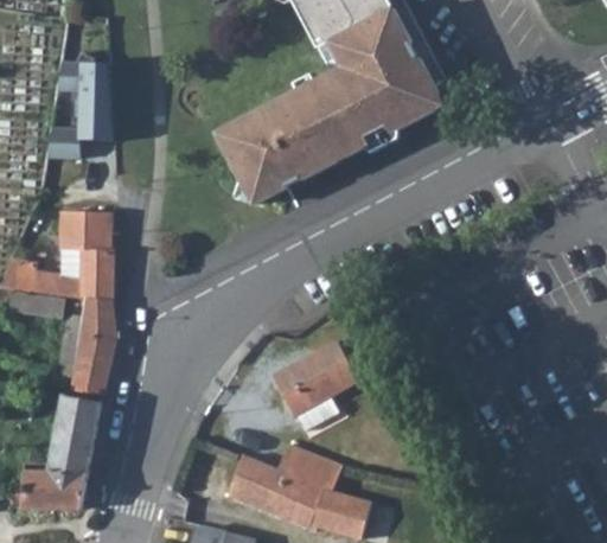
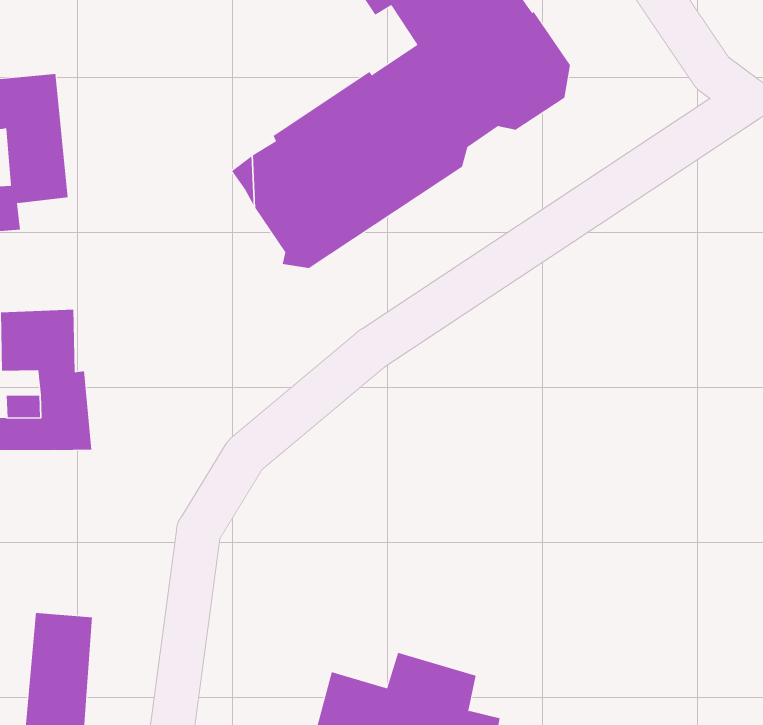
building: [51,295,115,395] -> none
building: [271,344,356,419] -> none

